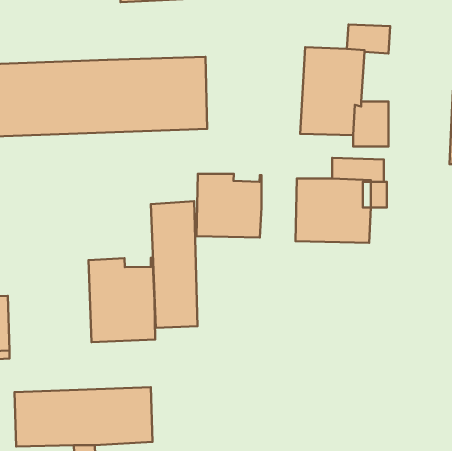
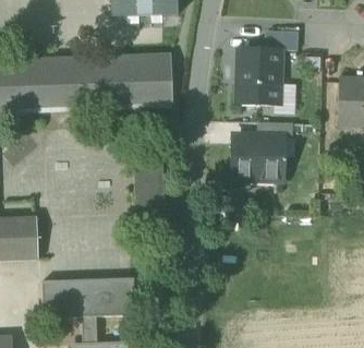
building: [197,174,261,237] -> none
building: [89,258,155,342] -> none

